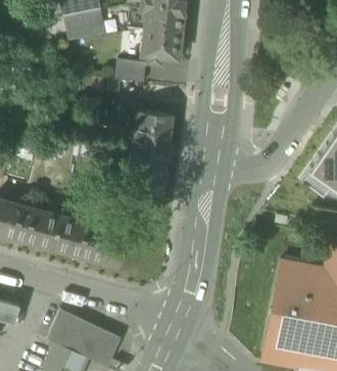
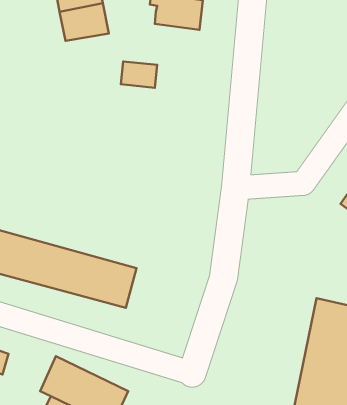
building: [141,27,182,63] -> none
building: [128,109,172,194] -> none

